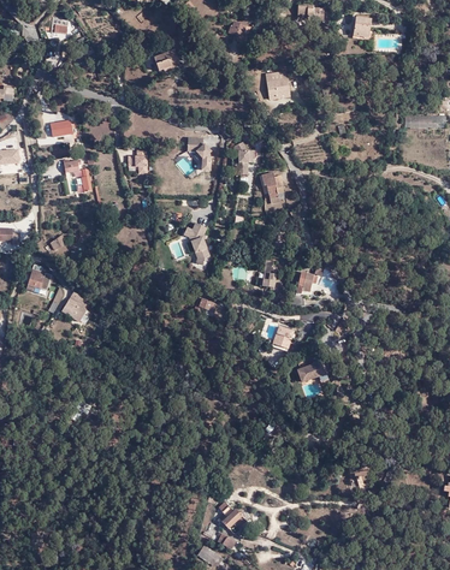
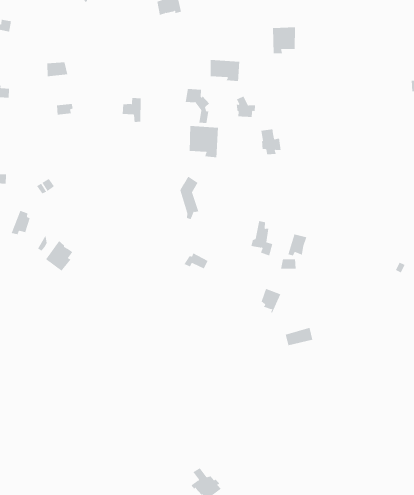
building: none -> [210,59,240,82]
building: none -> [189,125,219,158]

